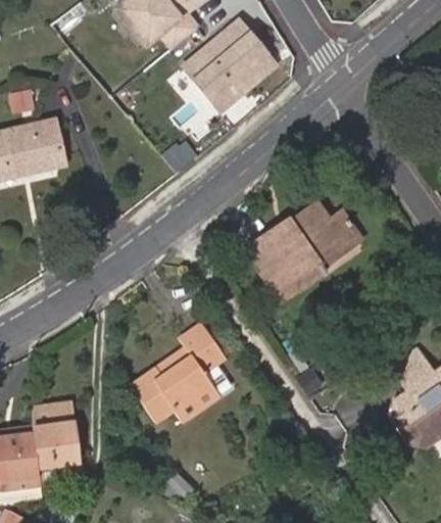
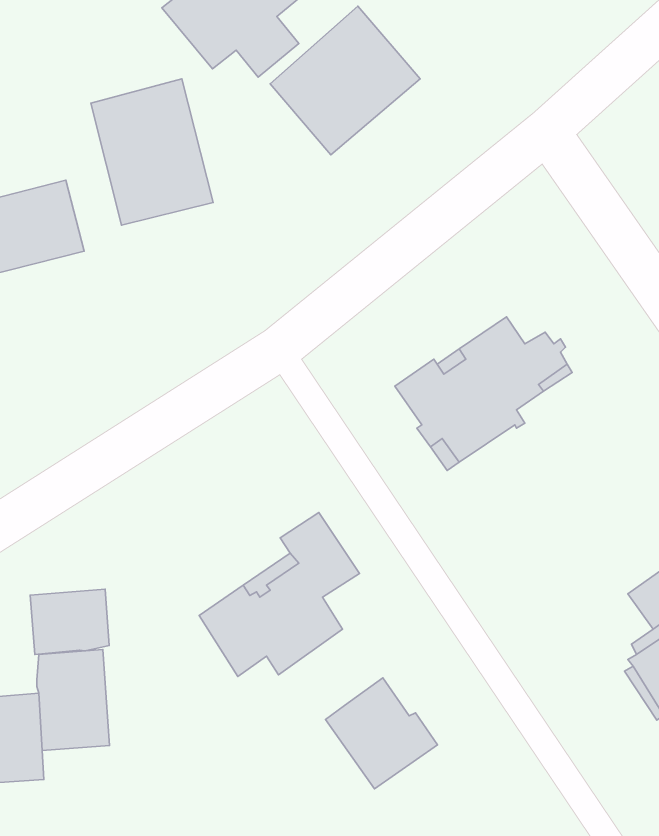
building: none -> [91,79,213,225]
building: none -> [30,589,109,654]
building: none -> [325,678,437,789]

